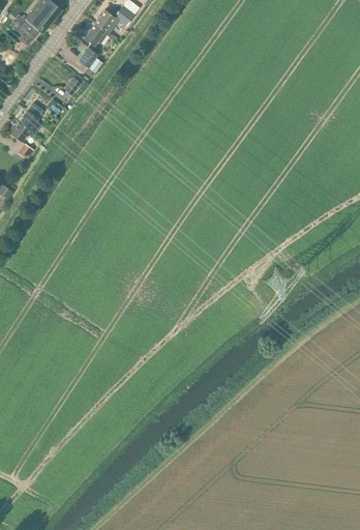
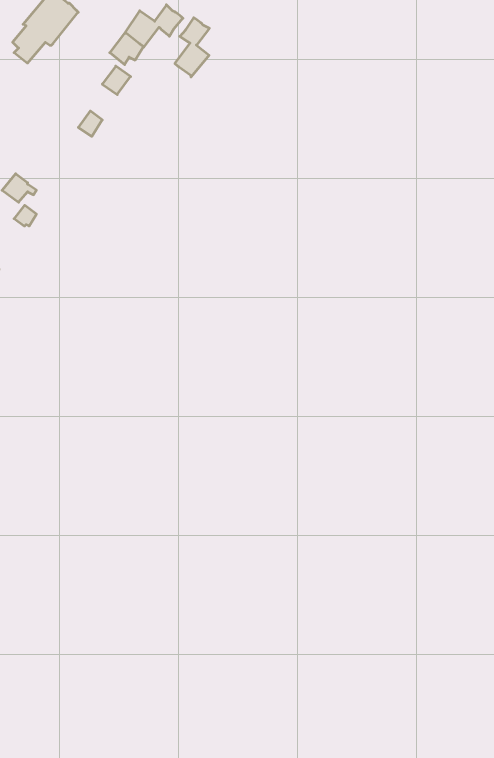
building: none -> [175,18,209,77]
building: [19,102,43,134] -> none

